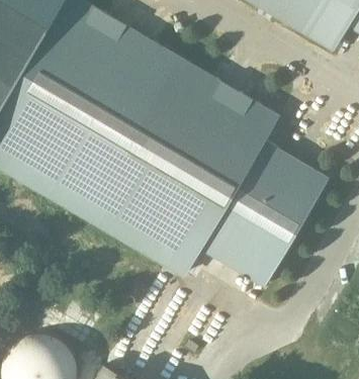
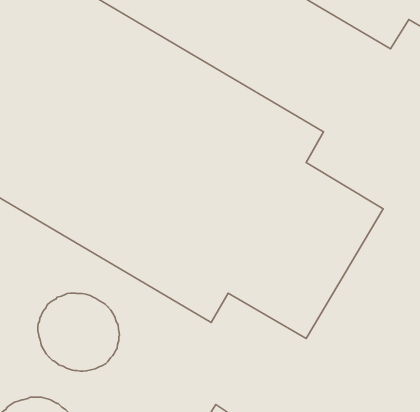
building: none -> [38,293,119,371]

